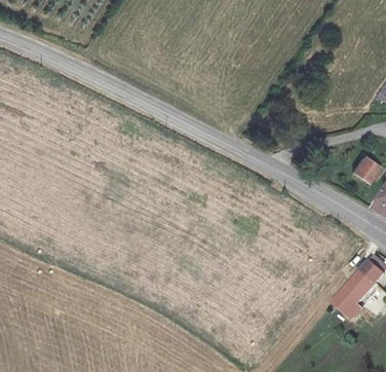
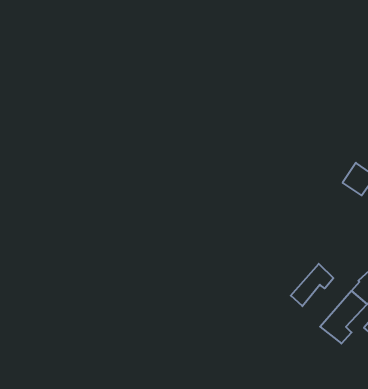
building: none -> [291,264,333,306]

